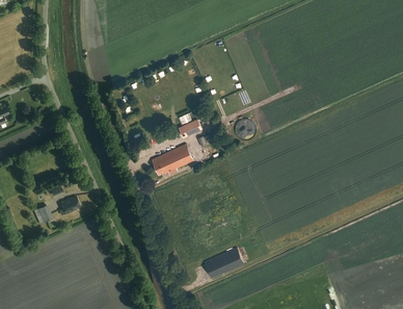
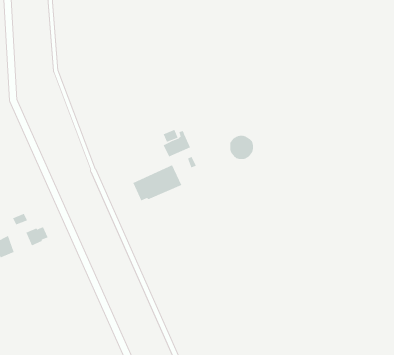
building: [203,247,243,277] -> none

